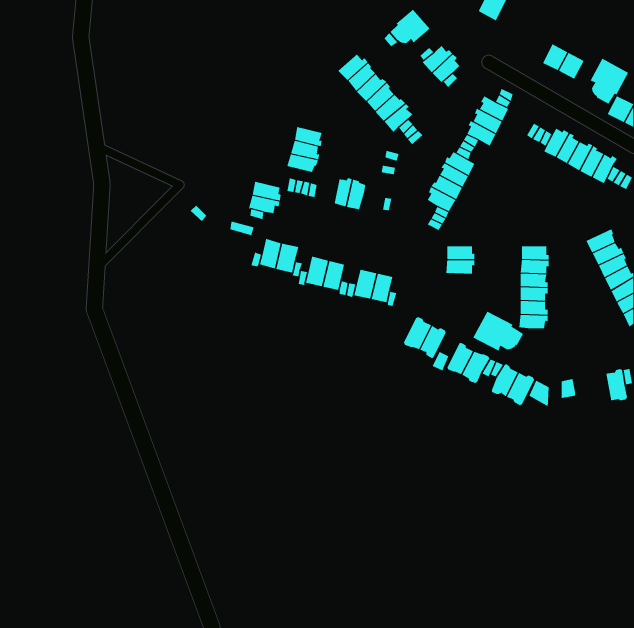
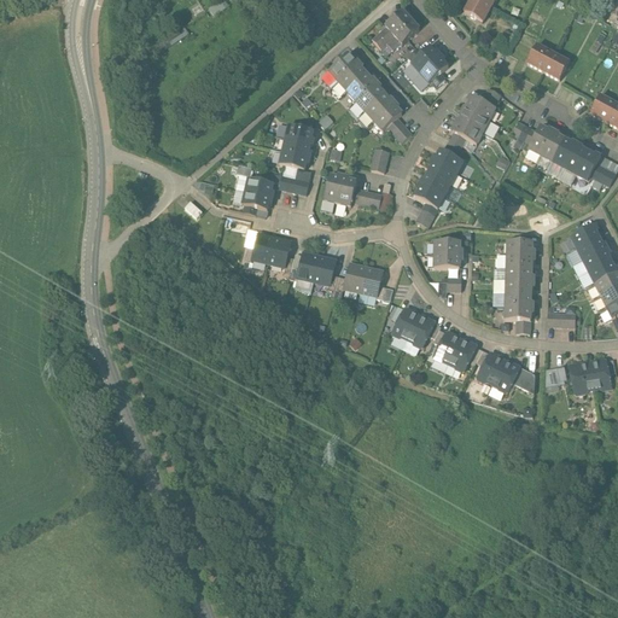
building: [590,58,629,105] -> none
building: [473,311,524,352] -> none
building: none -> [570,363,594,395]

